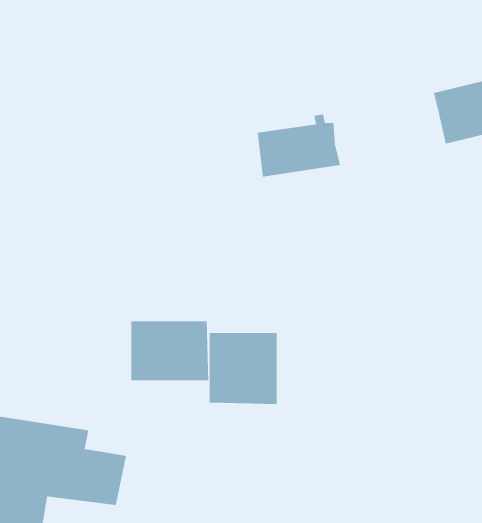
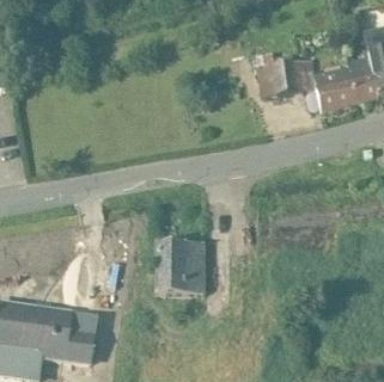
building: [257,114,341,177] -> [258,51,317,96]
building: [131,320,209,381] -> none

